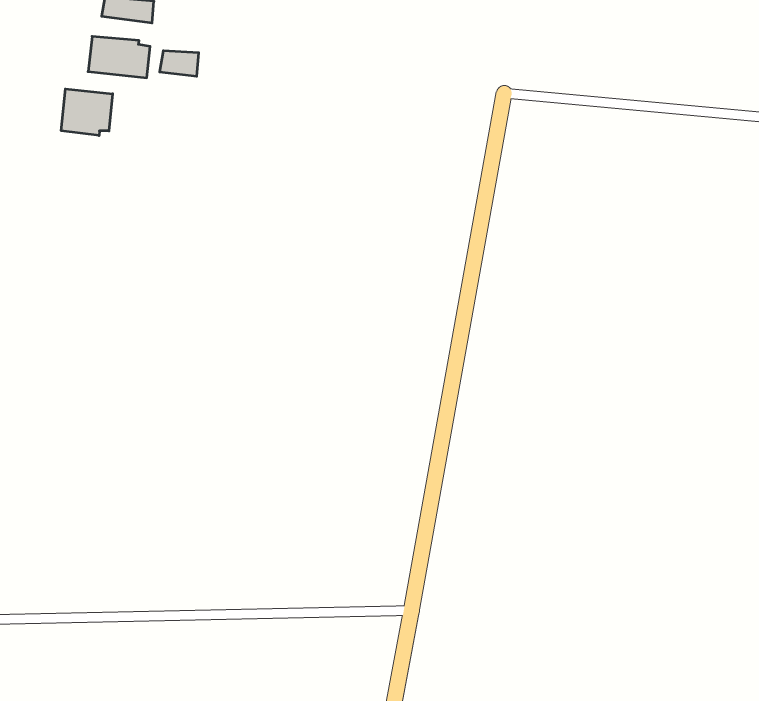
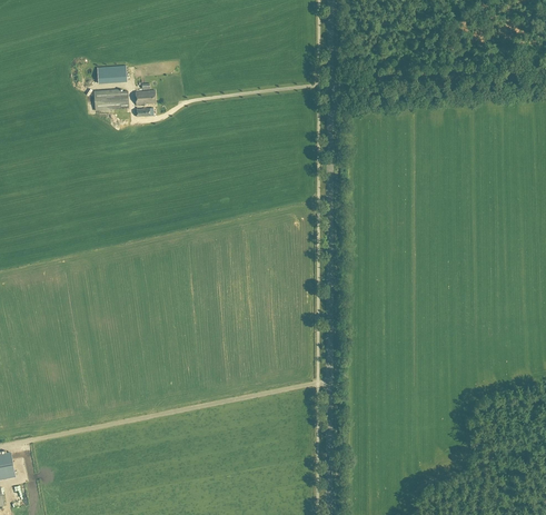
building: [61,89,113,136] -> none

